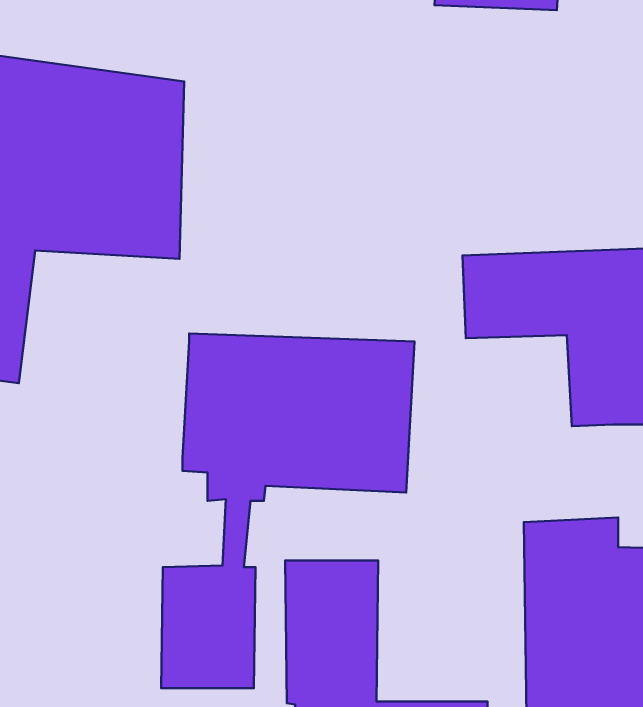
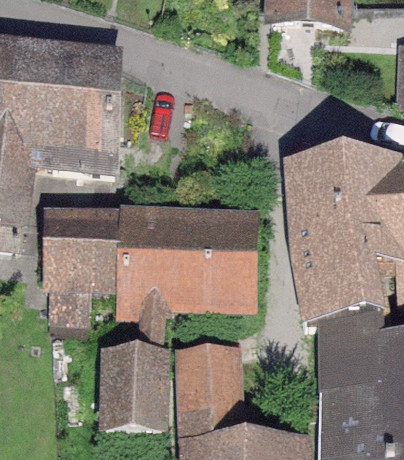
building: none -> [289,214,381,327]
building: none -> [49,218,122,317]

